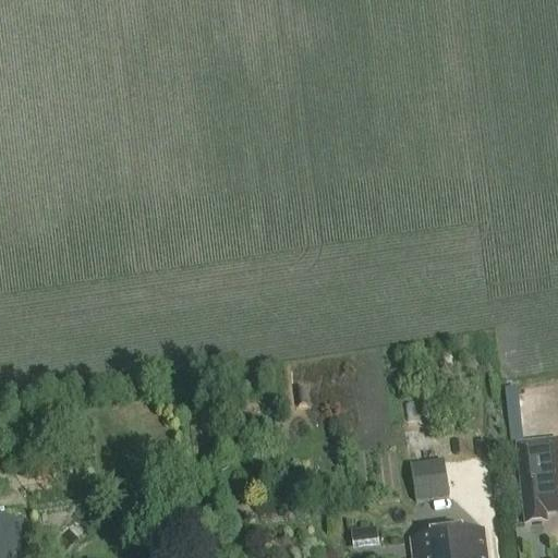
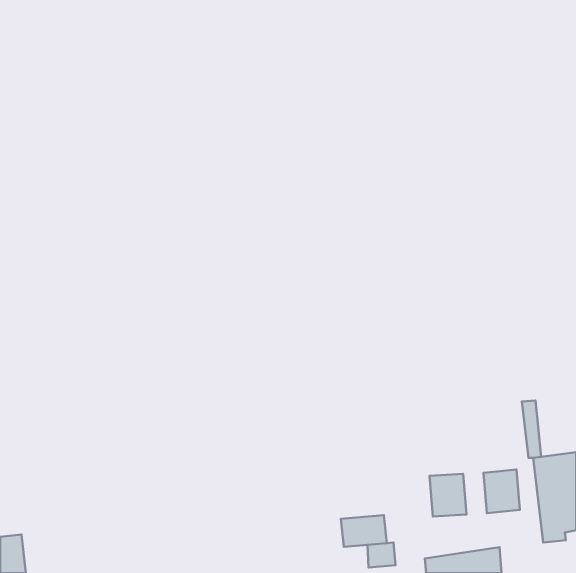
building: none -> [483,470,520,513]
building: none -> [341,515,387,547]

